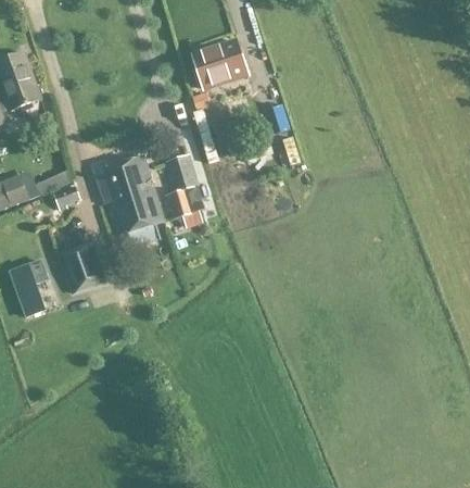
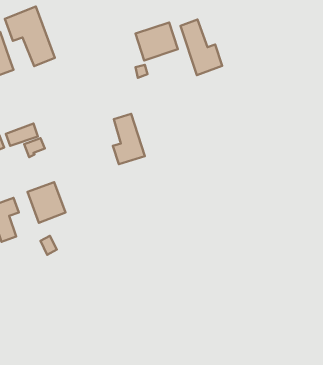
building: none -> [5,6,55,66]
building: none -> [180,20,222,75]
building: [93,154,164,246] -> none

